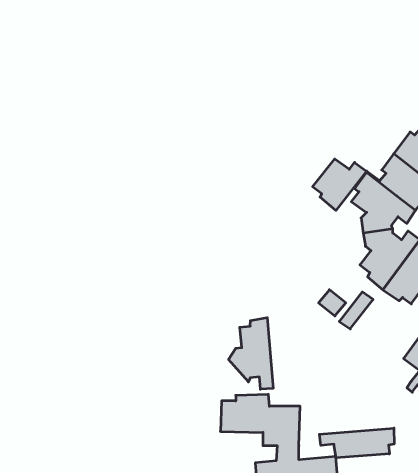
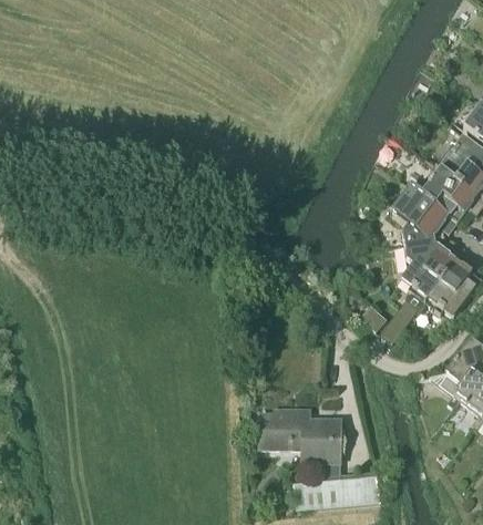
building: [313,159,367,210] -> none
building: [229,318,273,389] -> none
building: [319,428,394,458] -> none

